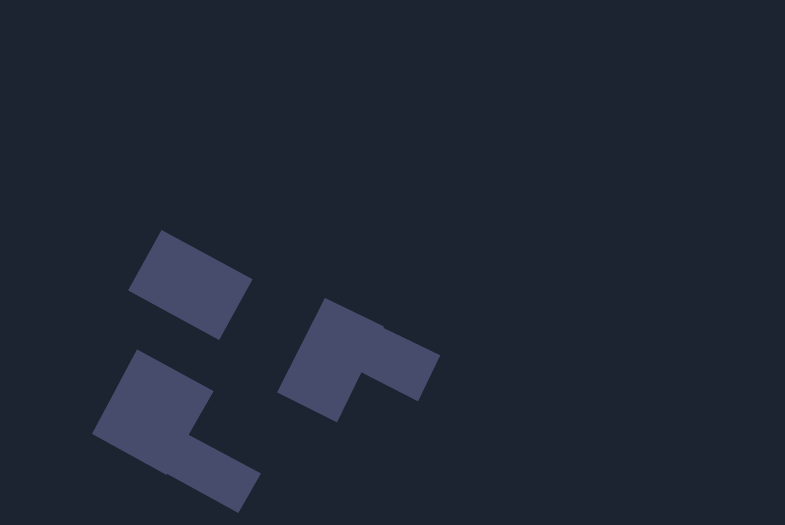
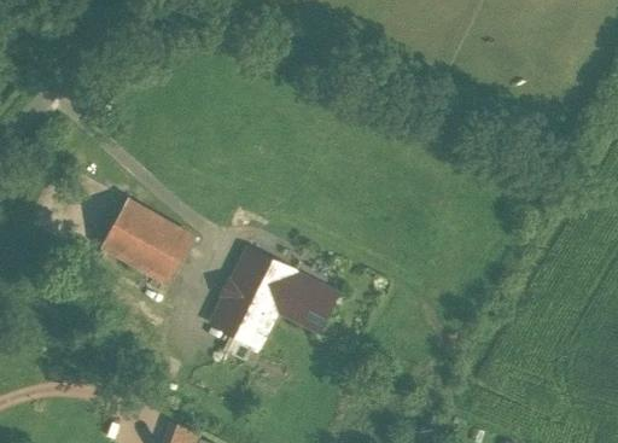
building: [91,349,262,514] -> none

